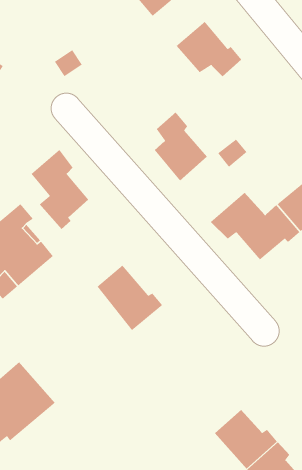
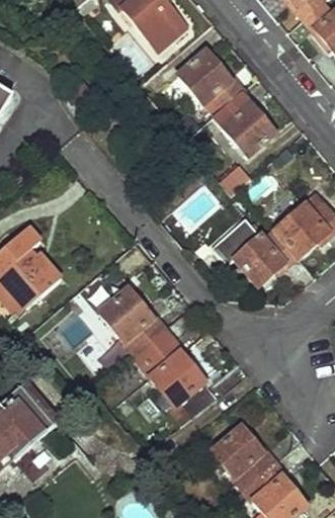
building: [154,112,208,181] -> [221,87,273,155]
building: [30,149,89,230] -> none
building: none -> [135,326,216,418]

